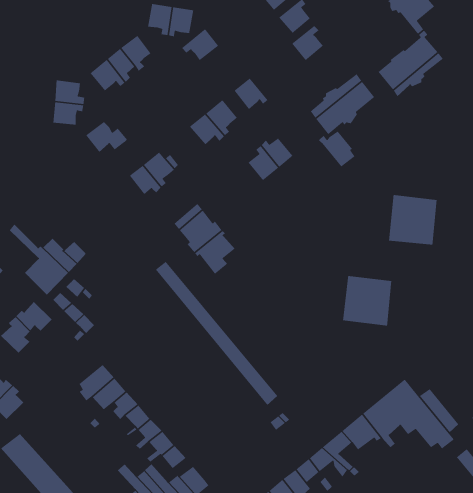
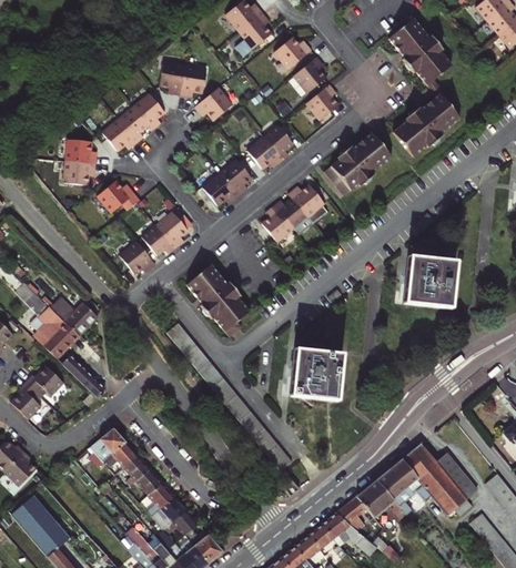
building: none -> [263,124,292,160]
building: [318,130,355,168] -> [289,184,326,222]
building: none -> [118,241,154,274]
building: [342,275,392,326] -> [290,348,341,400]

